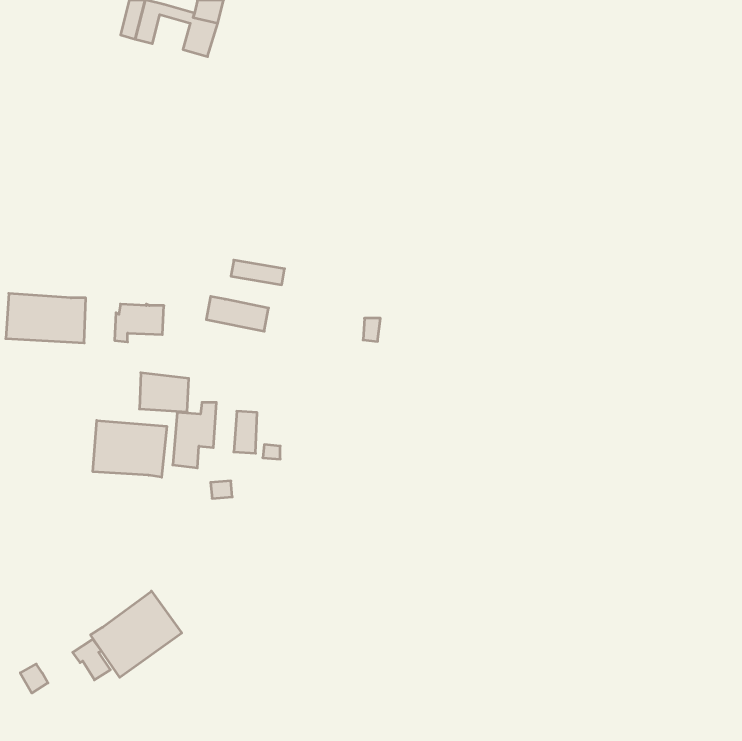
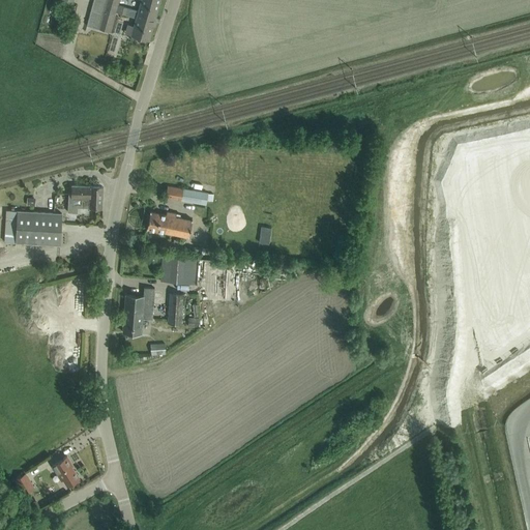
building: [115,304,164,342] -> [67,186,102,213]
building: [139,373,189,412] -> [160,256,196,284]
building: [93,420,167,477] -> none
building: [91,591,182,677] -> none

